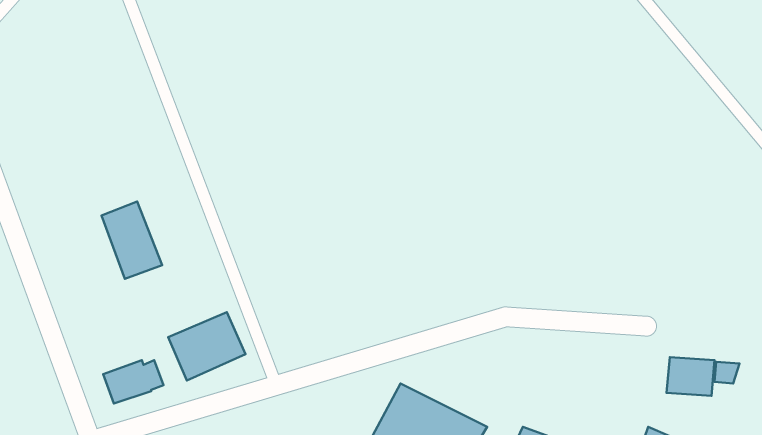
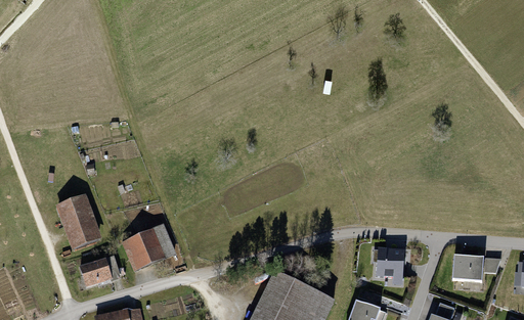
building: [102,202,162,279] -> [59,195,99,246]
building: none -> [374,248,404,276]

